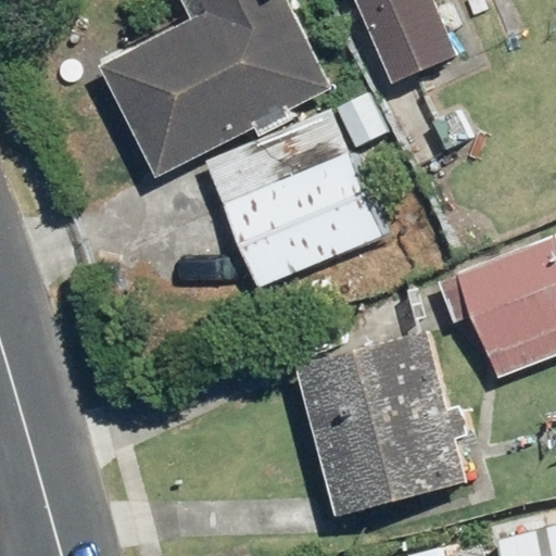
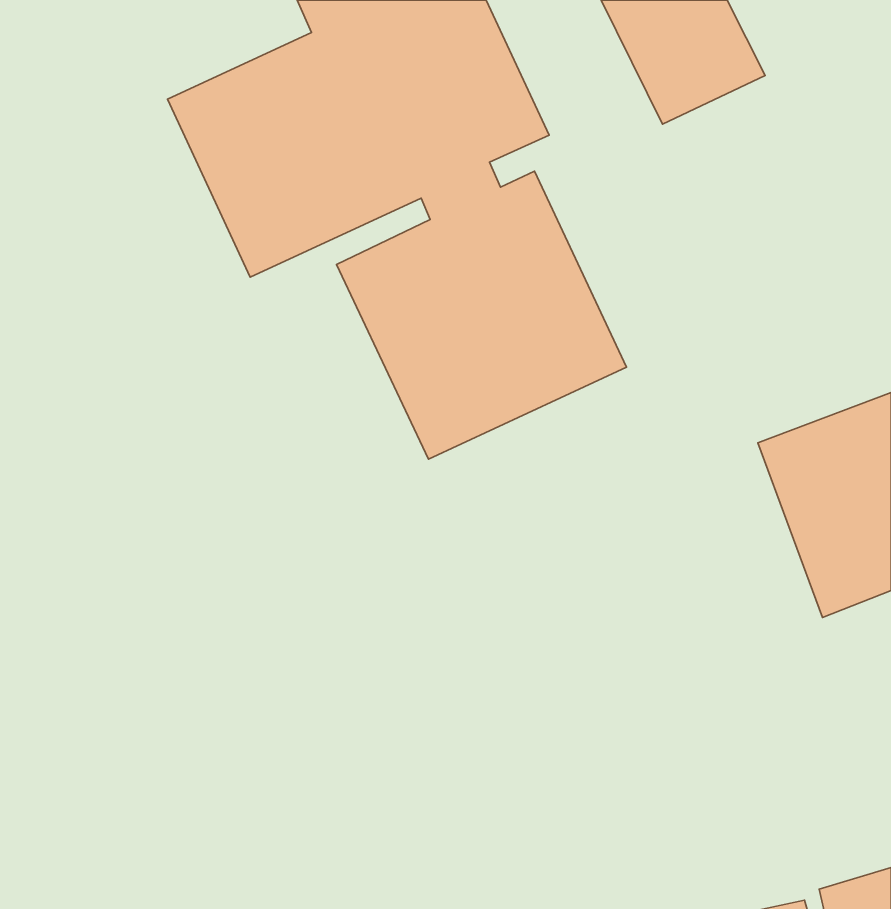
building: [294,326,466,514] -> none

